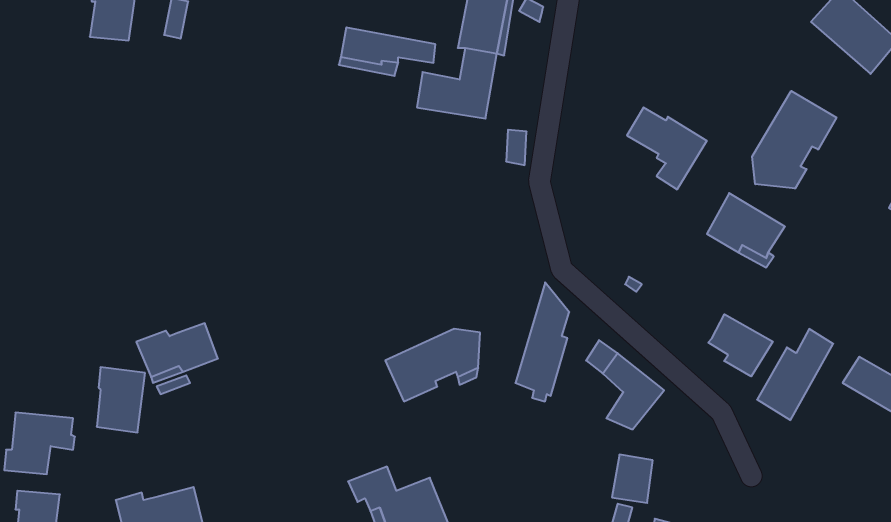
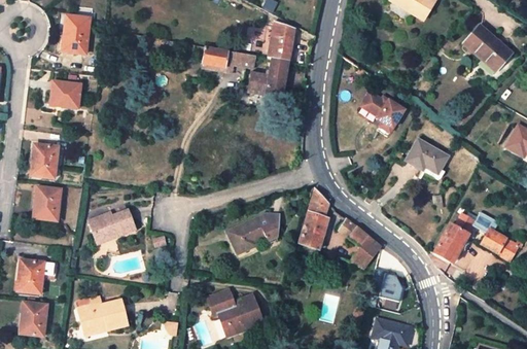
building: none -> [49,80,80,106]
building: [752,91,836,189] -> none
building: none -> [30,142,58,177]
building: [708,314,773,376] -> none
building: [97,367,145,432] -> [34,185,61,221]
building: [612,455,653,503] -> [382,273,405,300]

